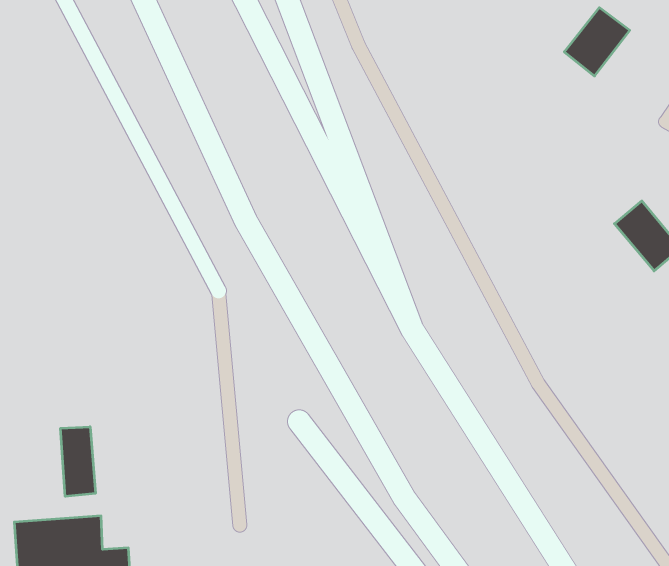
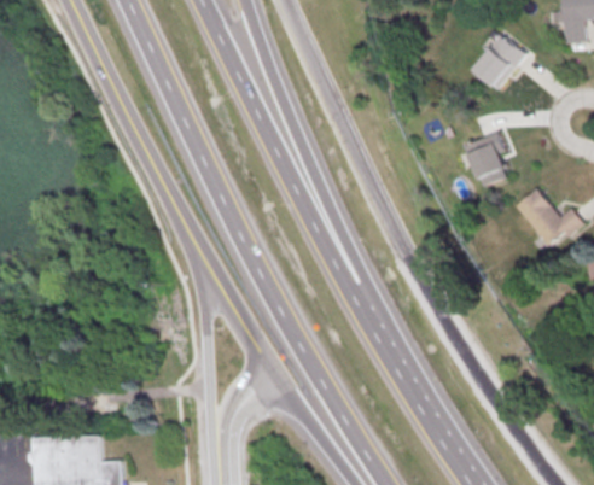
building: none -> [465,133,505,186]
building: [61,427,95,496] -> none

